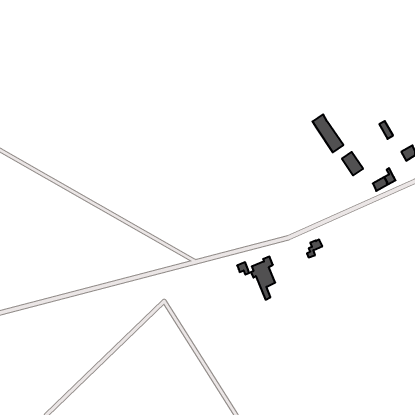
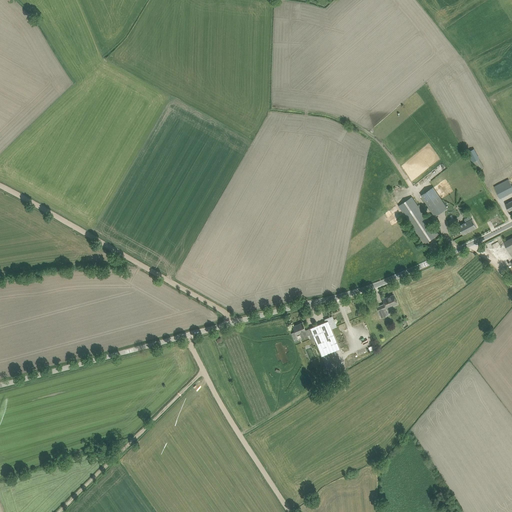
building: [312,114,343,152] -> [399,197,437,244]

